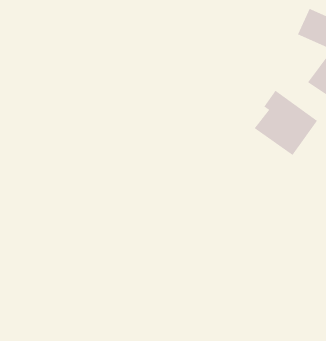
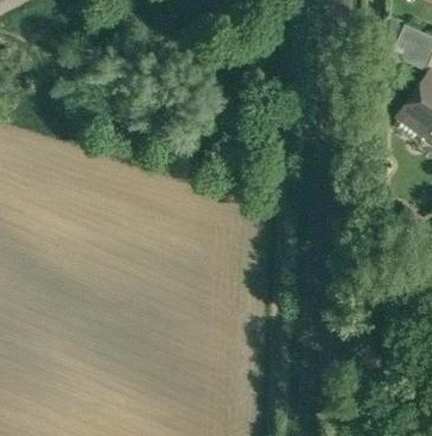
building: [254,90,318,156] -> none

